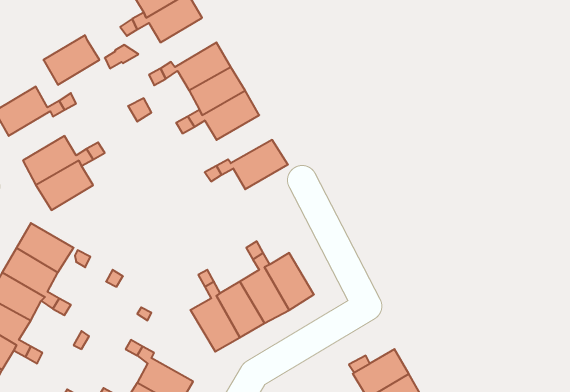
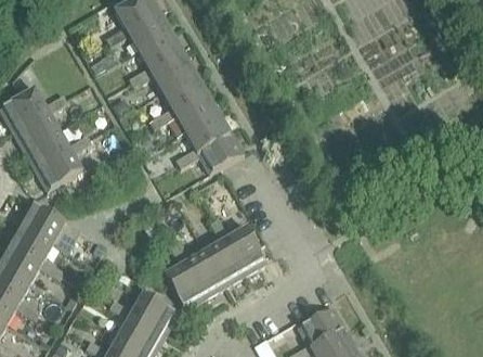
building: none -> [139,29,185,71]
building: [43,35,99,85] -> [12,107,58,149]
building: none -> [185,111,232,151]
building: none -> [131,292,178,333]

